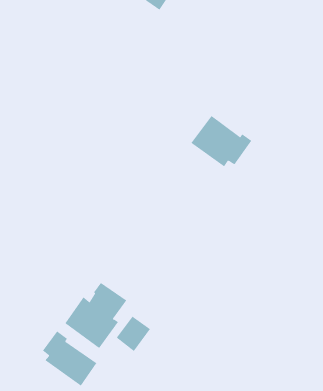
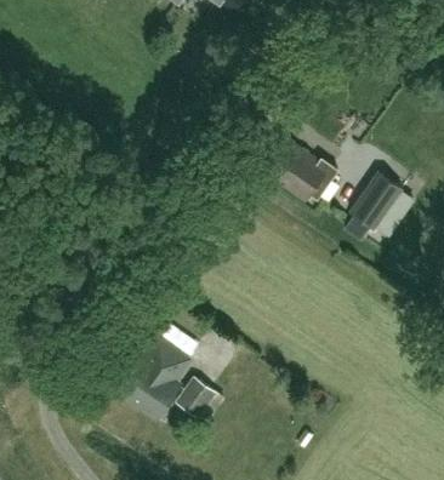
building: none -> [353,173,403,229]
building: [42,331,97,387] -> none

